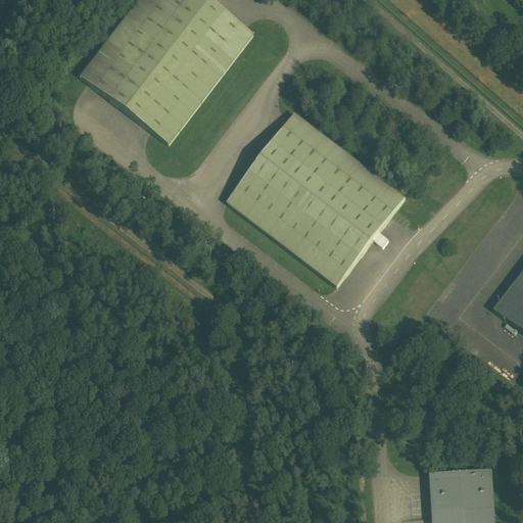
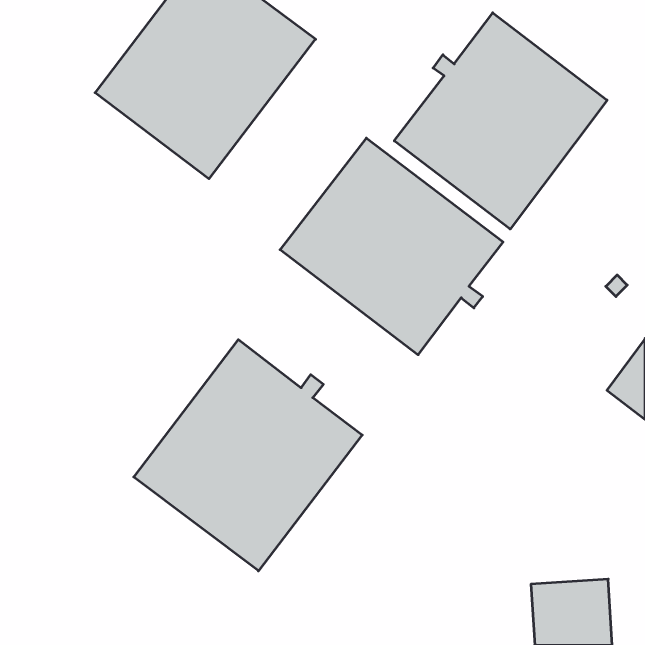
building: none -> [394,13,607,229]
building: none -> [134,340,362,571]

